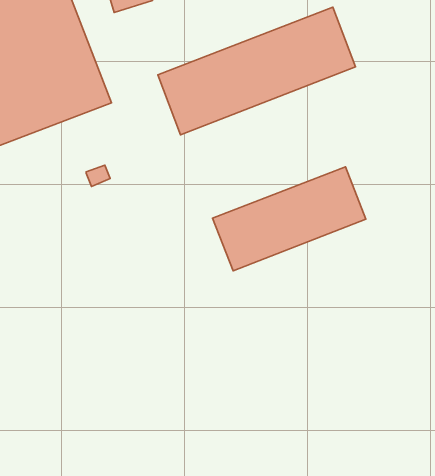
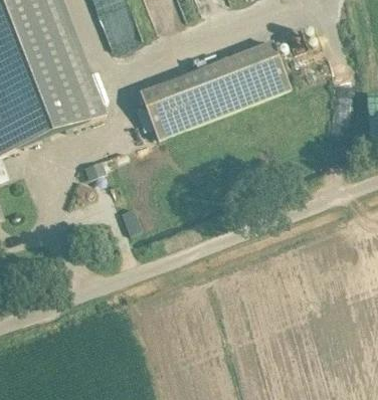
building: [213,167,366,271] -> none

